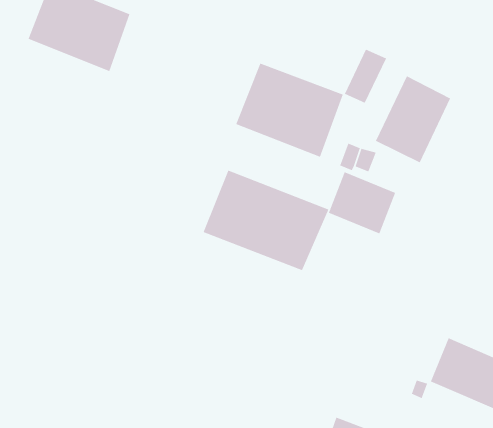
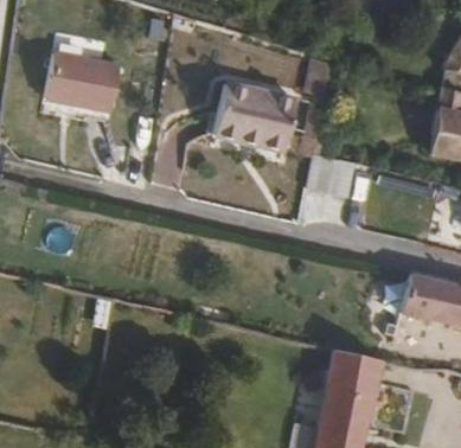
building: [375,75,451,164] -> none
building: [202,170,329,271] -> none

